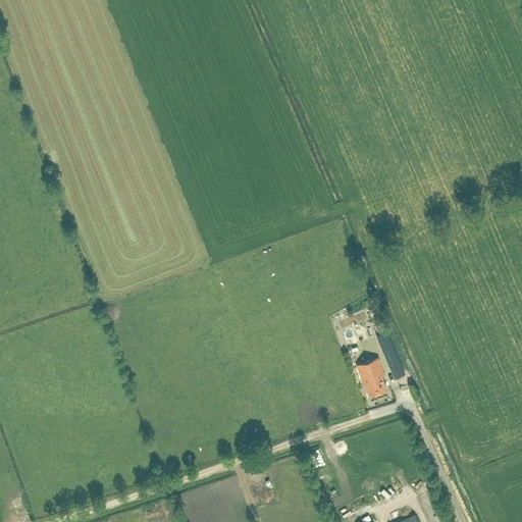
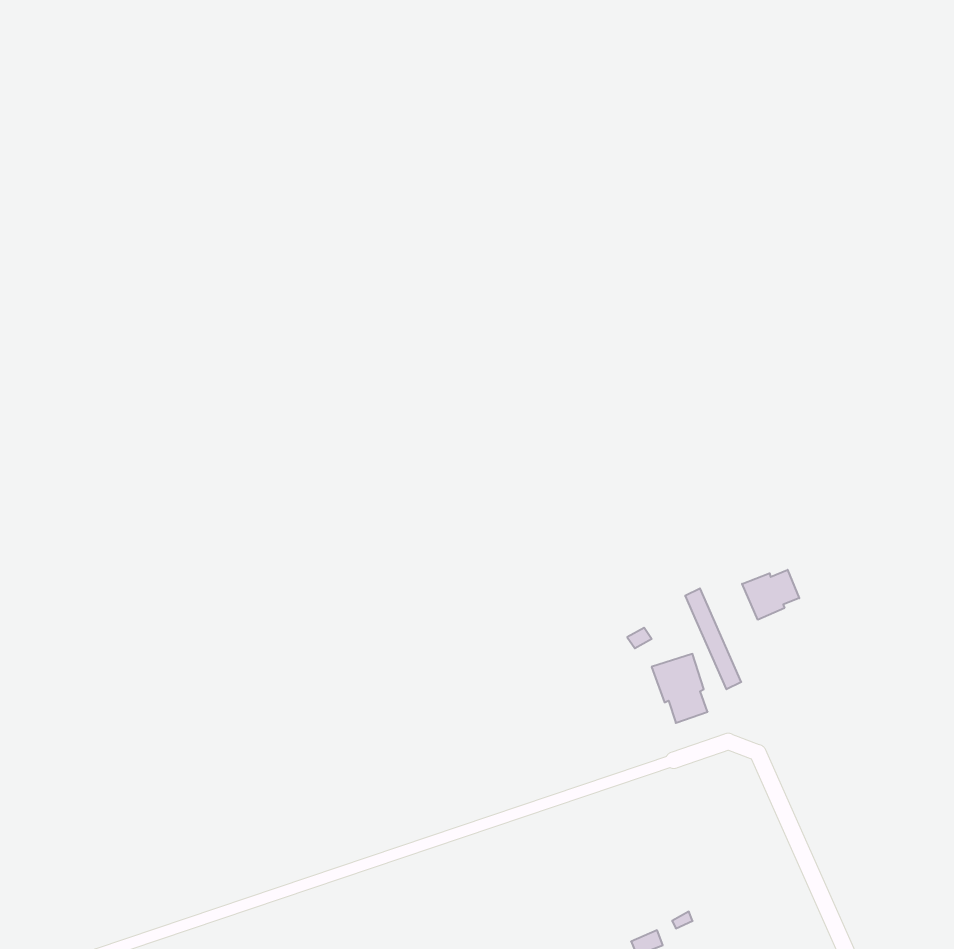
building: none -> [742,570,799,620]

